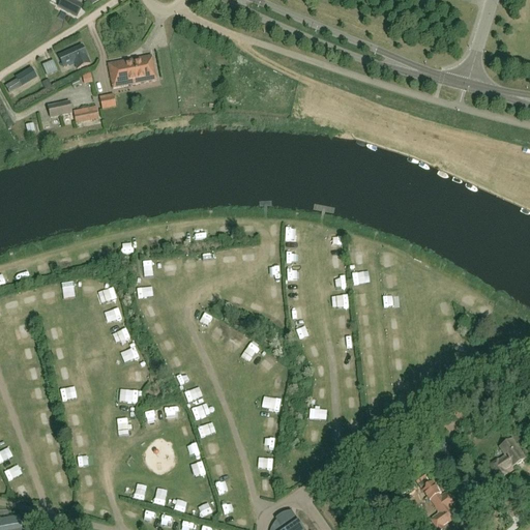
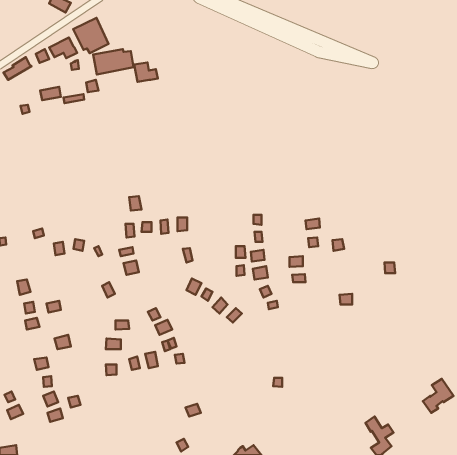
building: none -> [73,18,109,53]
building: none -> [134,62,158,82]

